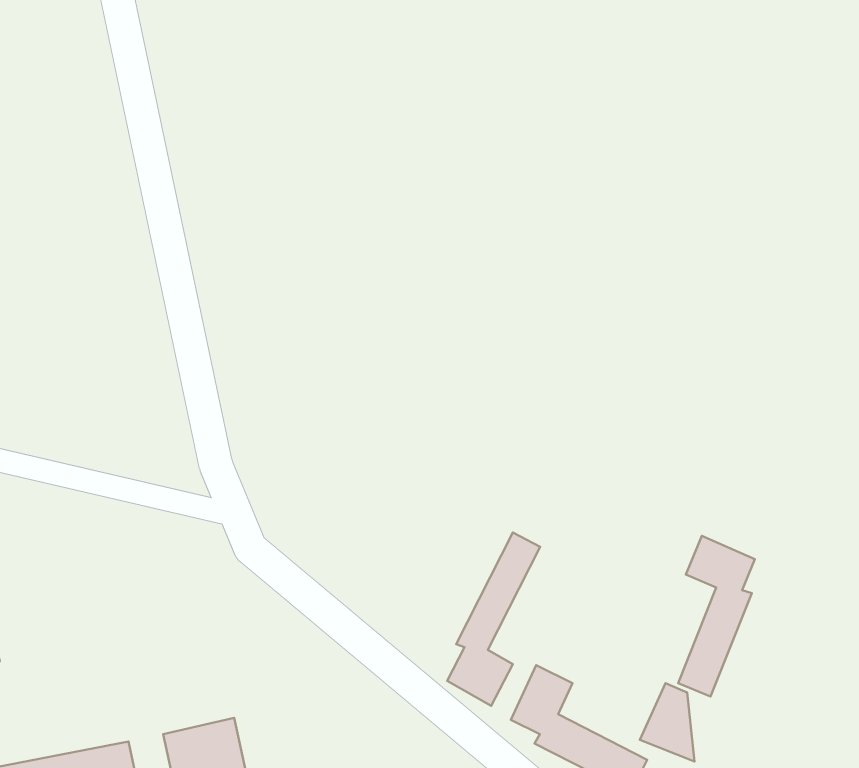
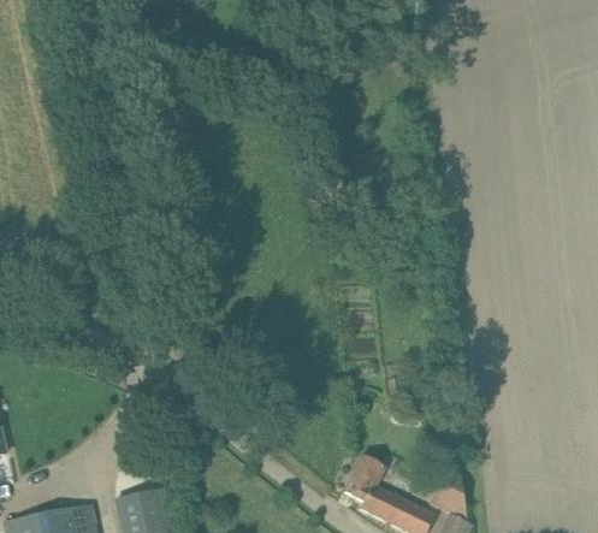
building: [447,533,540,706] -> none
building: [678,536,755,696] -> none

